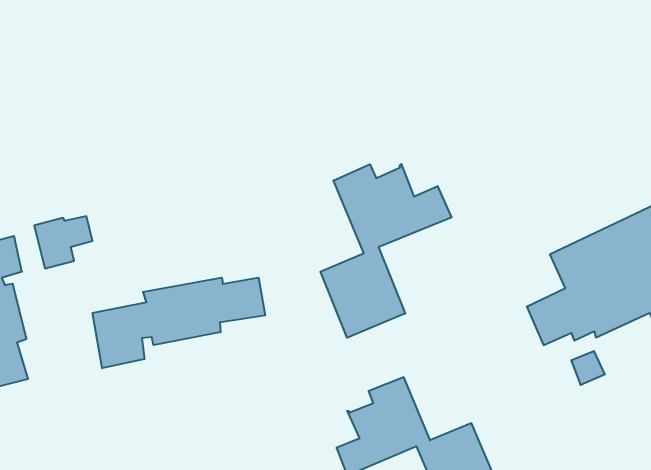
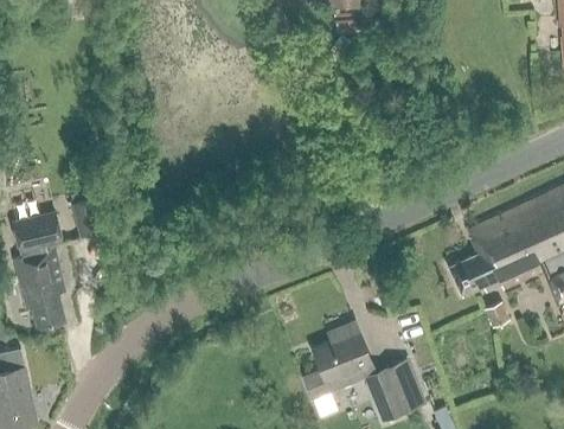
building: [320,164,452,338] -> none
building: [93,278,265,368] -> none

